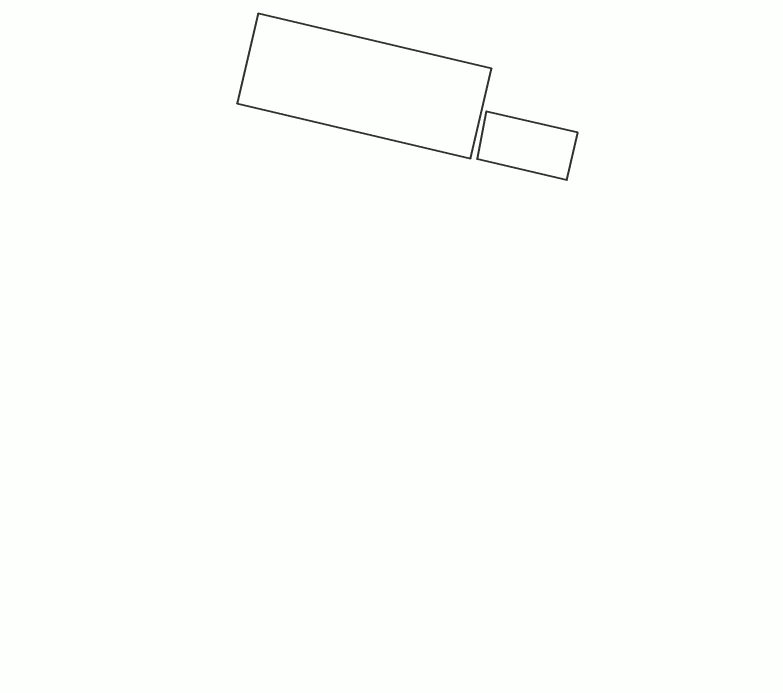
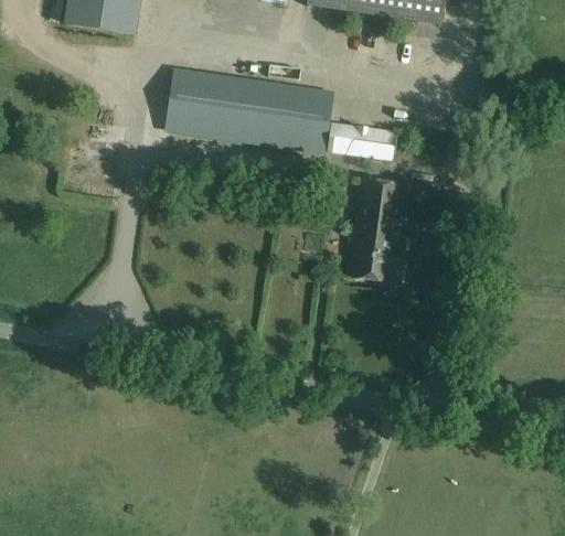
building: none -> [350,178,405,281]

